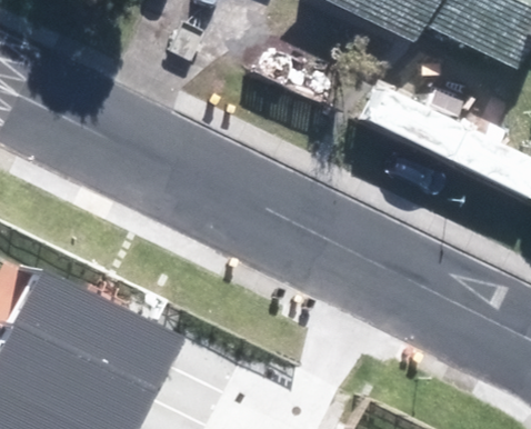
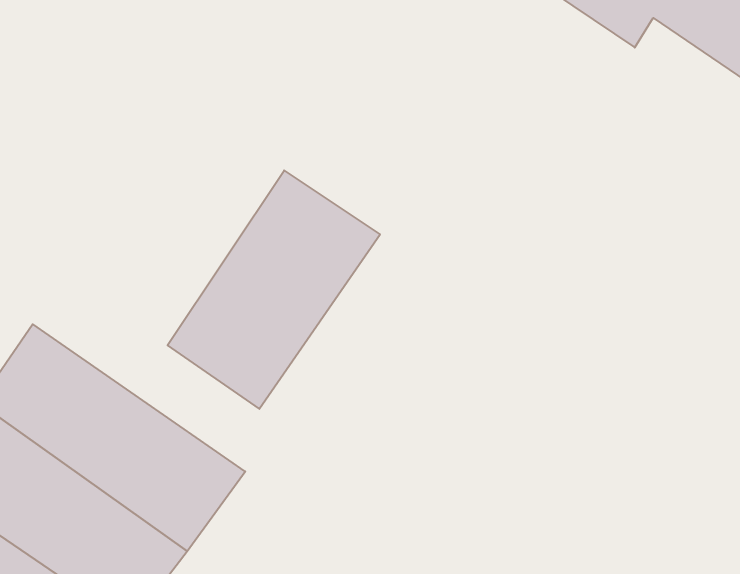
building: none -> [168,170,380,409]

